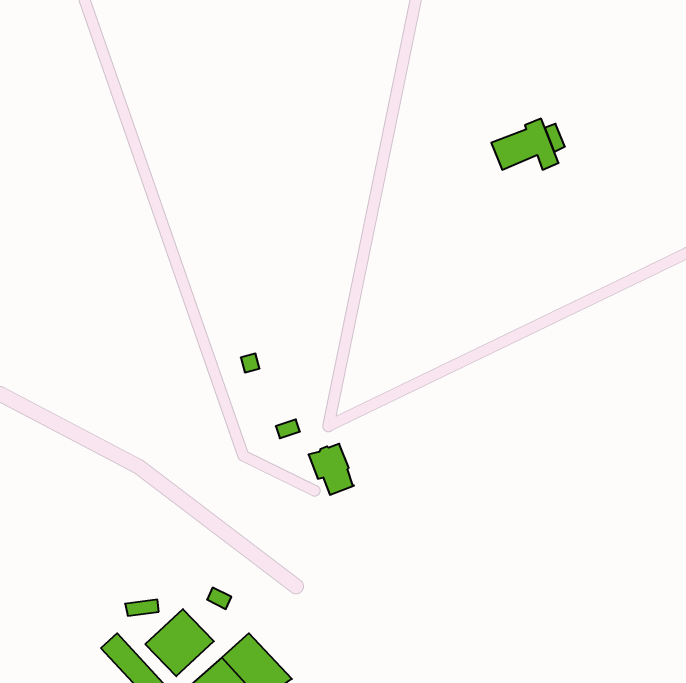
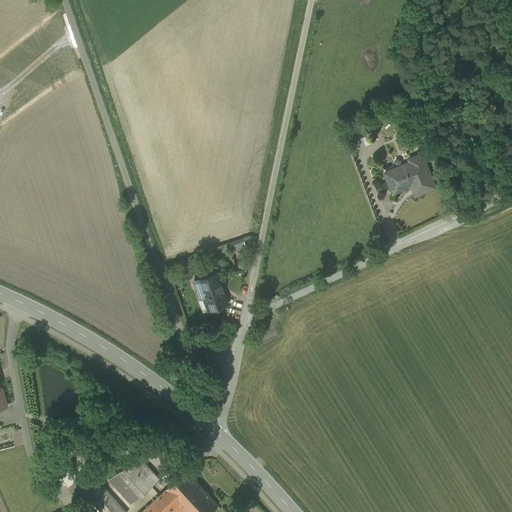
building: [491,119,559,170] -> [385,159,435,197]
building: [308,444,354,495] -> [194,275,228,313]

